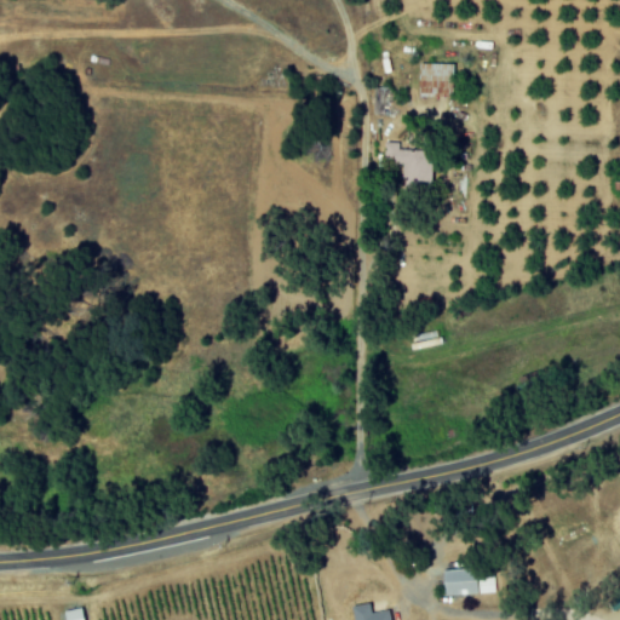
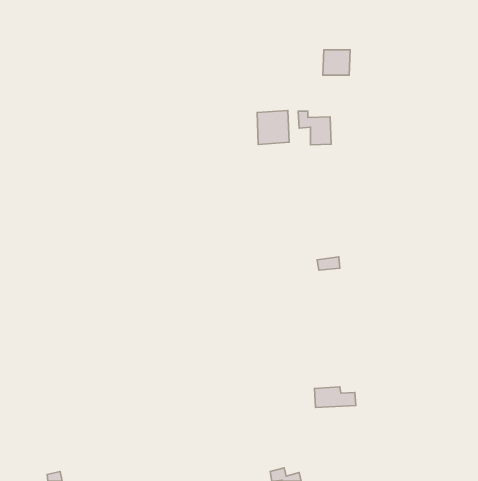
building: none -> [257,110,289,144]
building: [443,568,496,595] -> [314,387,356,407]

